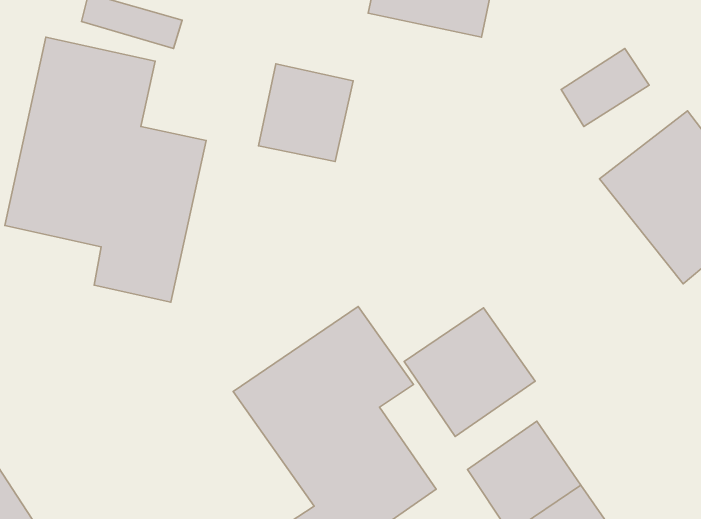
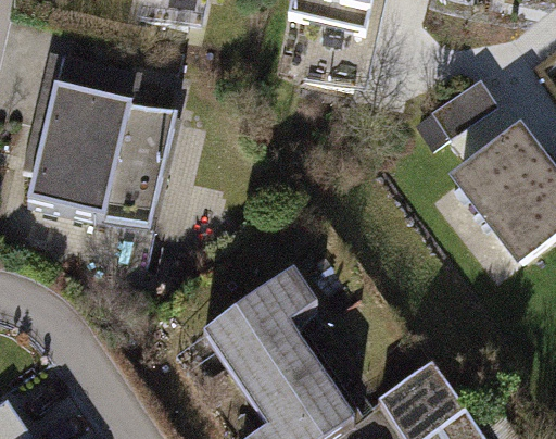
building: [259,64,353,161] -> none
building: [404,308,535,436] -> none

